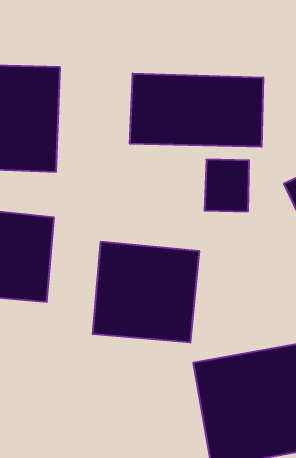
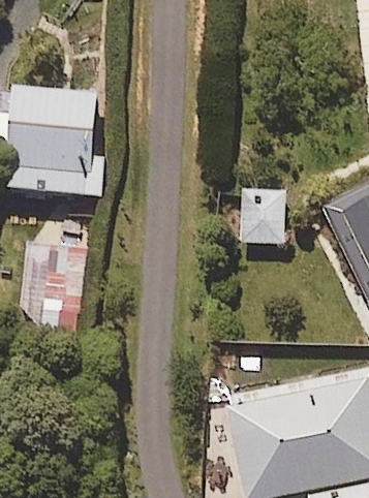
building: [130,73,263,147] -> none
building: [93,242,199,343] -> none

